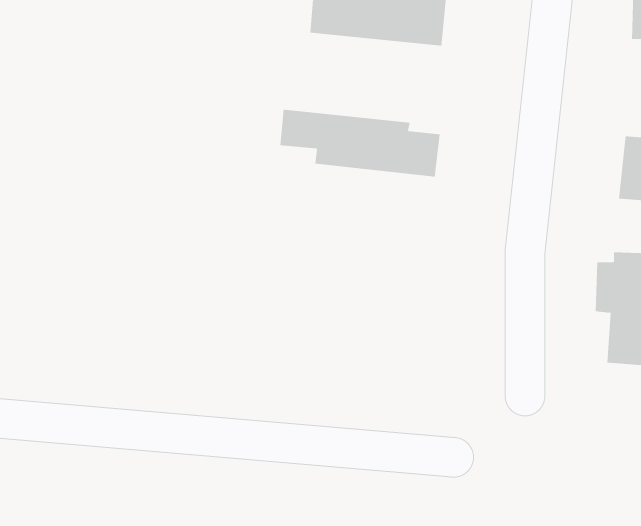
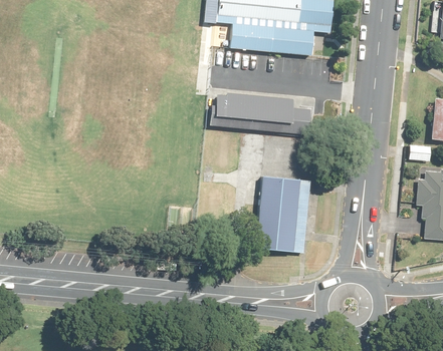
building: none -> [261,174,313,250]

